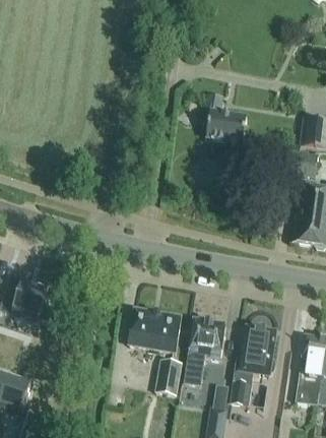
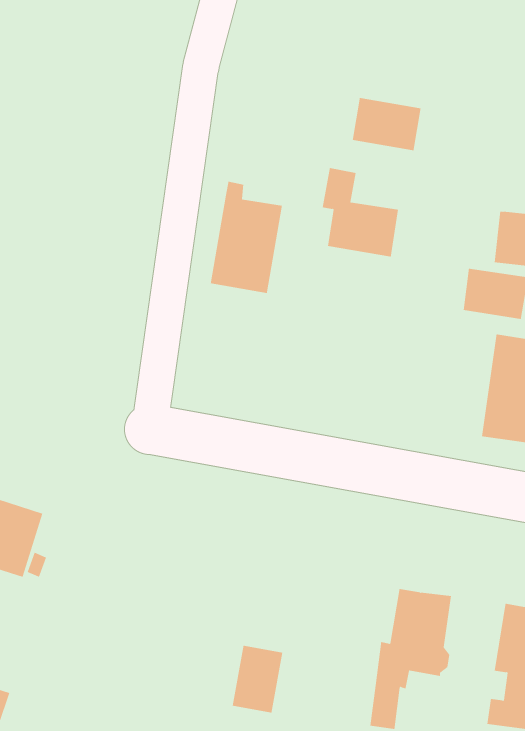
building: none -> [352,97,421,151]
building: none -> [210,181,282,294]
building: [128,309,180,353] -> none
building: [183,319,224,386] -> none

